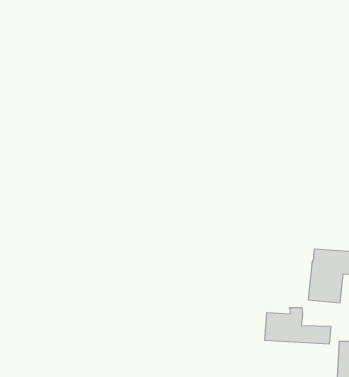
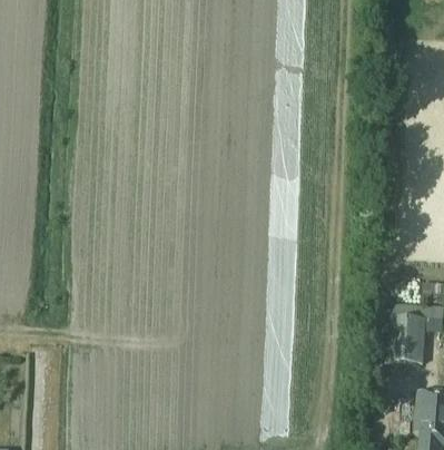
building: [265,307,331,344] -> none

